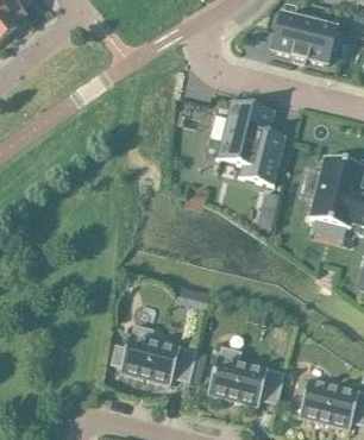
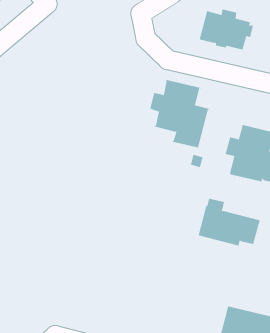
building: [111,322,197,384] -> none
building: [208,346,285,406] -> [198,198,260,246]

